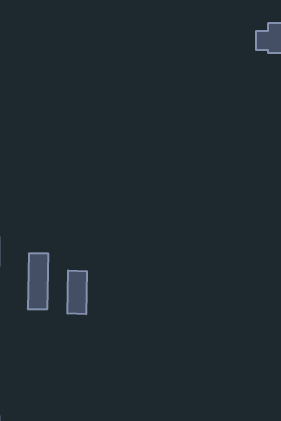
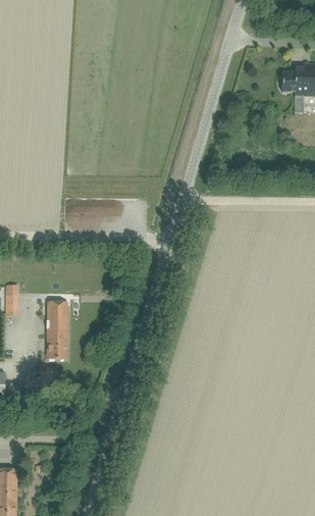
building: [67,270,87,314] -> none

